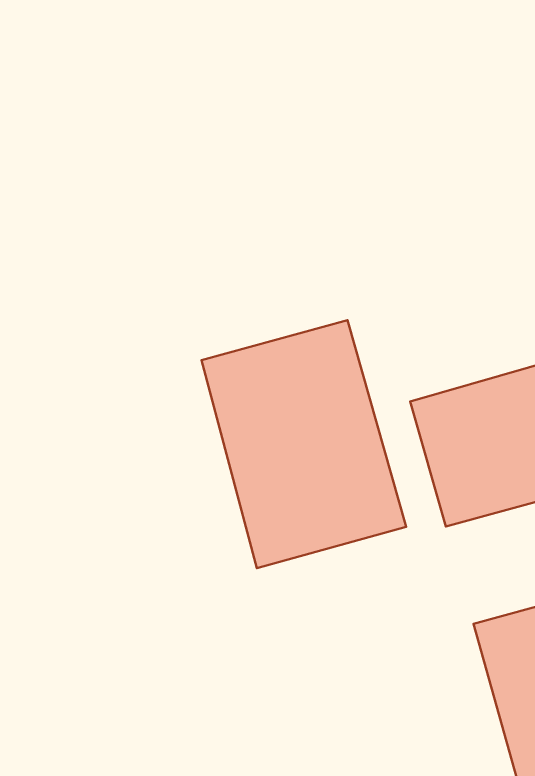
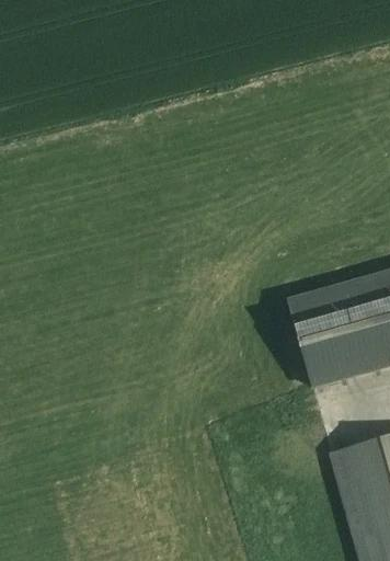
building: [201,320,406,568] -> none

